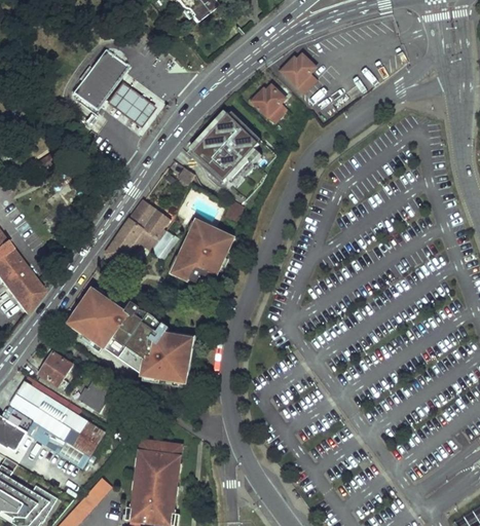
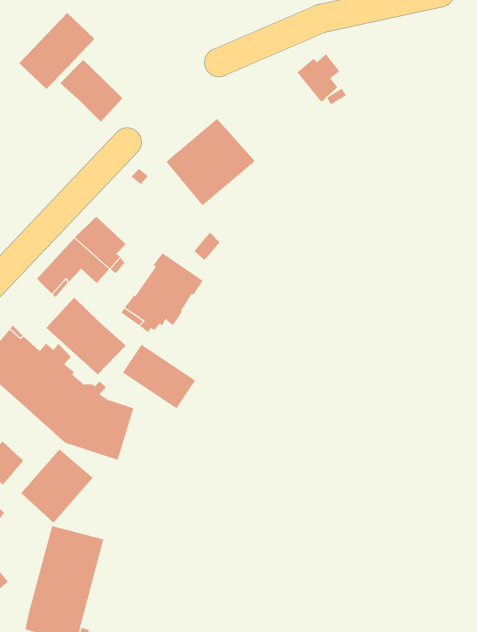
building: [252,85,289,123] -> none
building: none -> [46,297,127,375]
building: none -> [122,344,196,409]
building: none -> [21,449,93,523]

